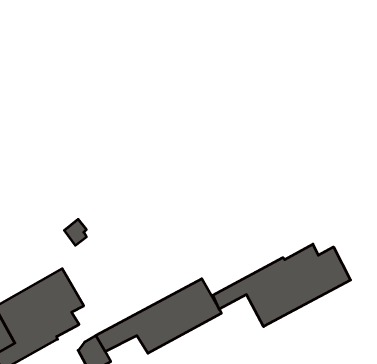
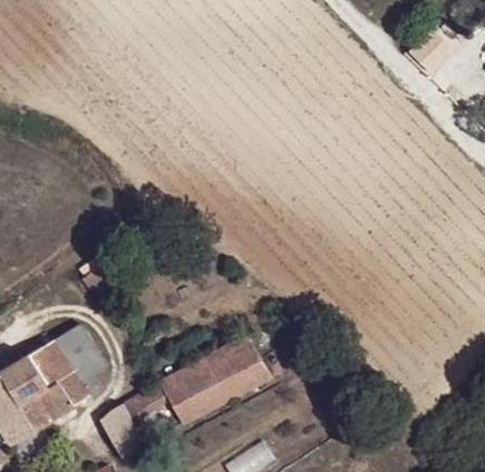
building: [213,244,351,327] -> none

